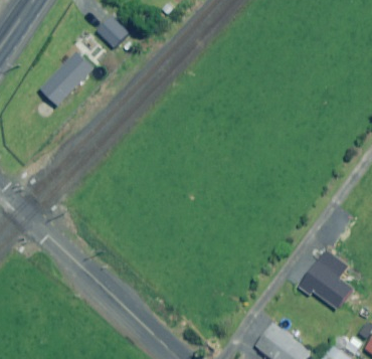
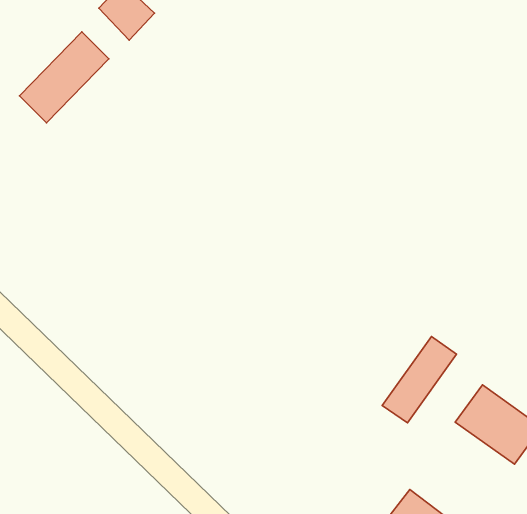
building: none -> [382,337,457,423]

